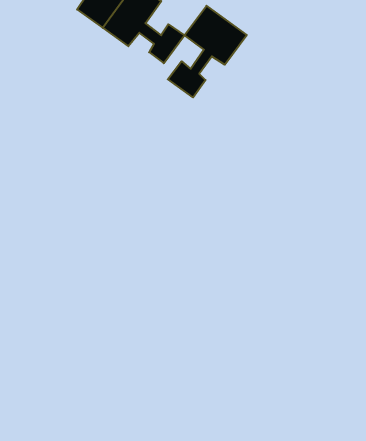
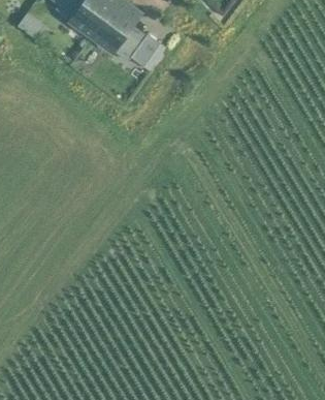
building: [168,6,247,97] -> none

